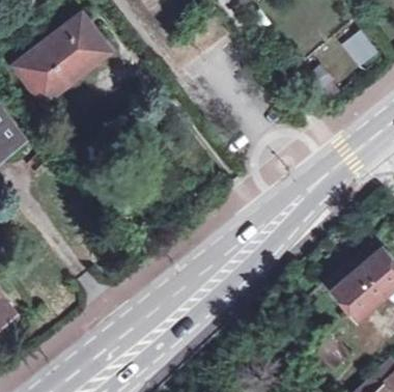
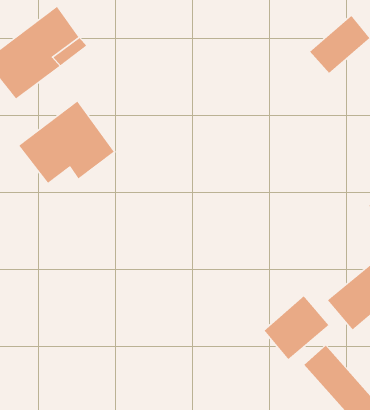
building: none -> [18,101,115,184]
building: none -> [264,295,329,360]

